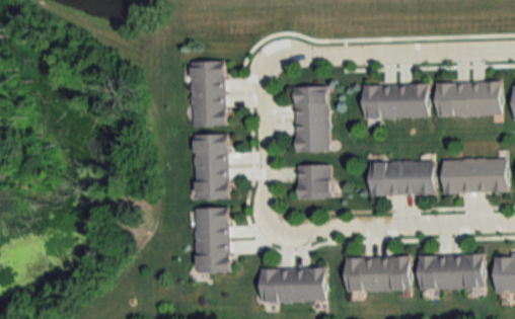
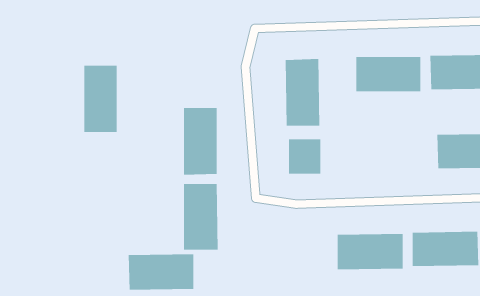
building: [192,61,225,127] -> [83,65,118,133]
building: [369,161,434,195] -> none
building: [260,267,324,303] -> [128,254,194,290]

